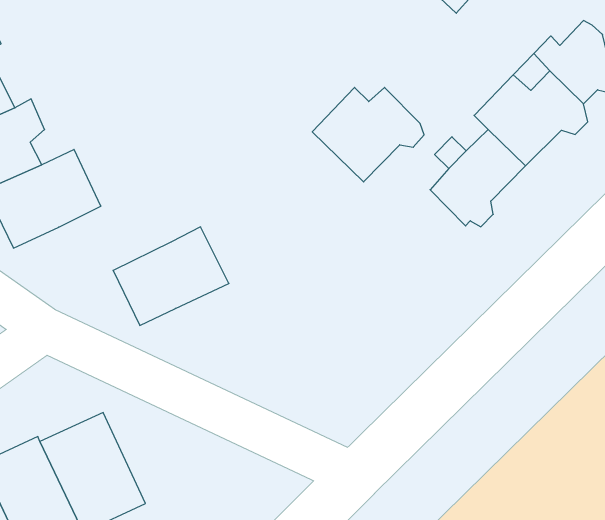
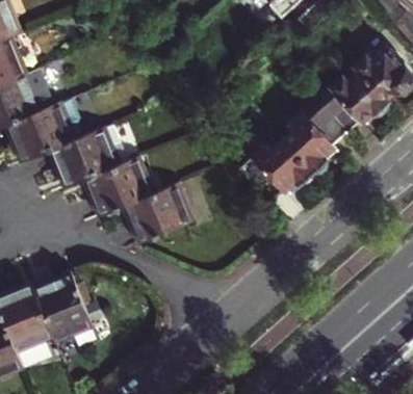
building: [312,87,424,182] -> [237,141,307,201]
building: none -> [51,129,121,187]
building: none -> [121,184,195,245]

